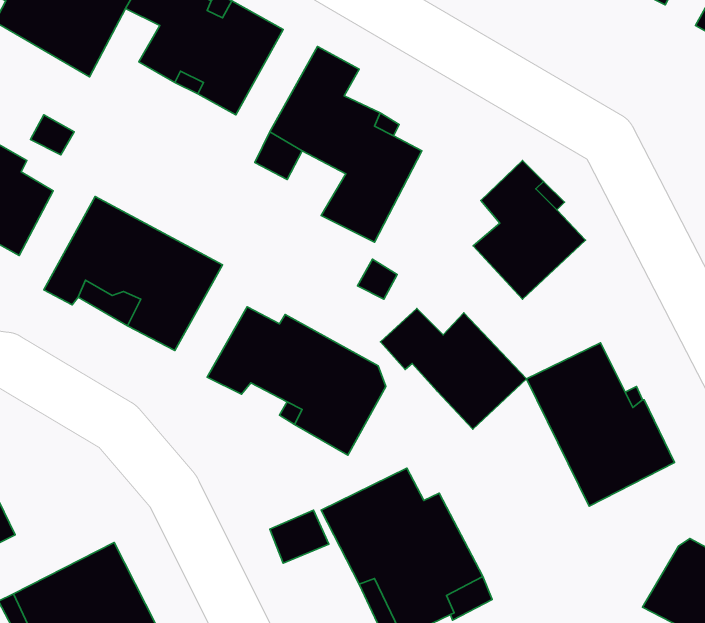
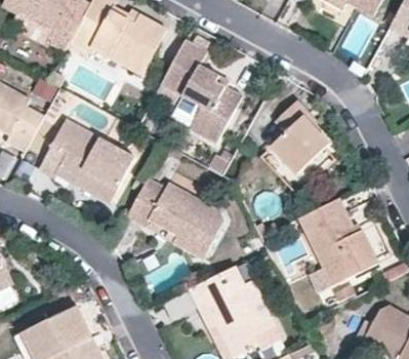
building: [380,309,526,429] -> none

